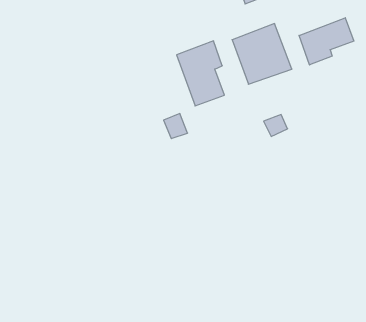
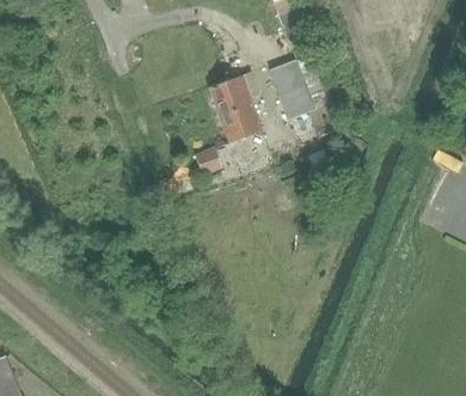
building: [299,18,354,65] -> none

